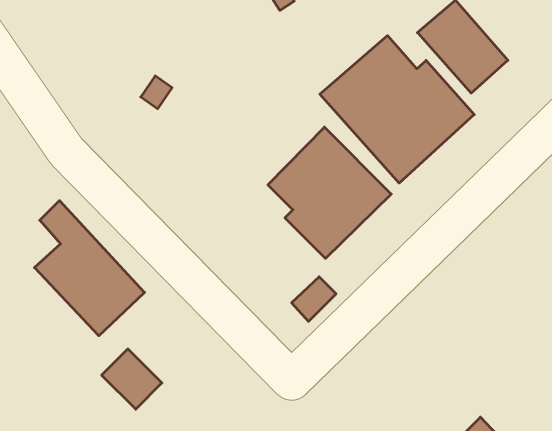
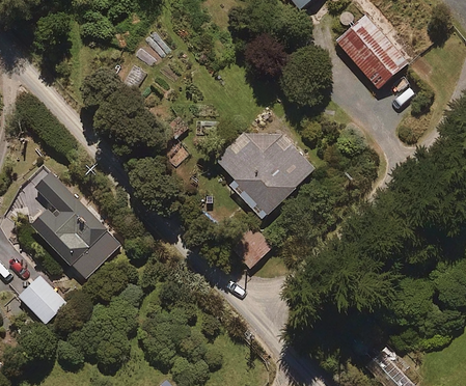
building: [320,36,474,183] -> none
building: [102,349,162,409] -> [19,276,66,324]

